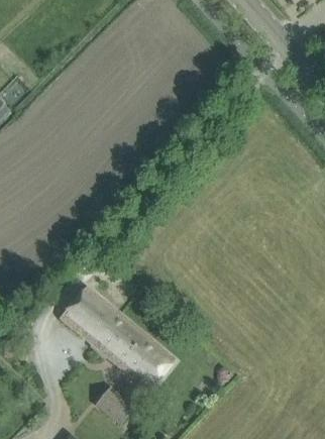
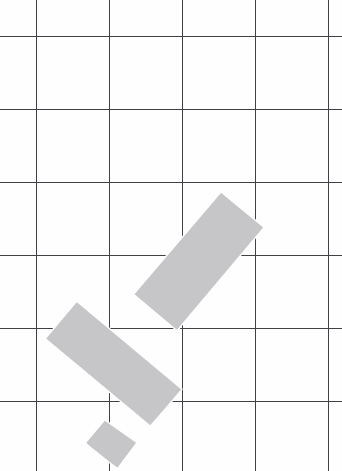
building: none -> [134,192,264,331]

